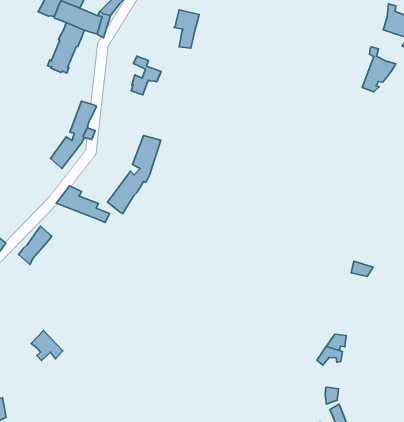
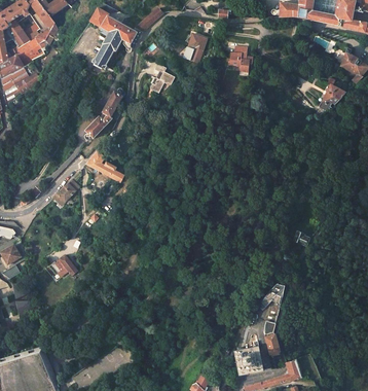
building: none -> [228,45,252,70]
building: [108,135,161,213] -> none

